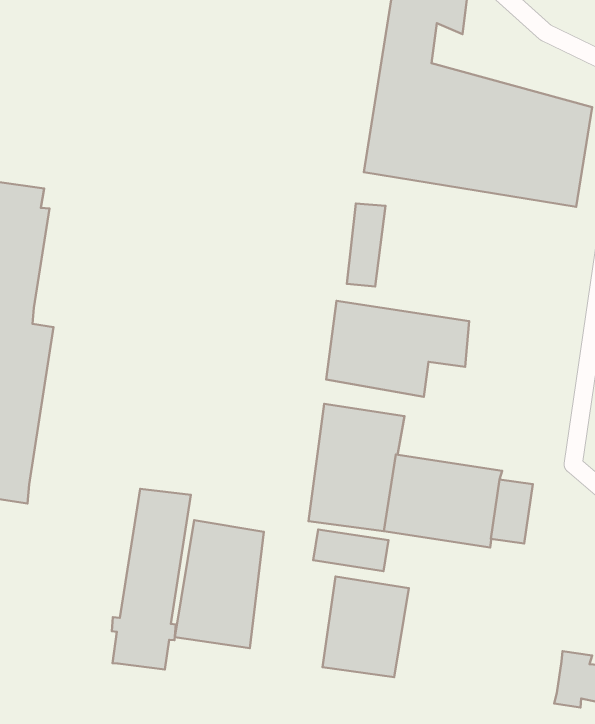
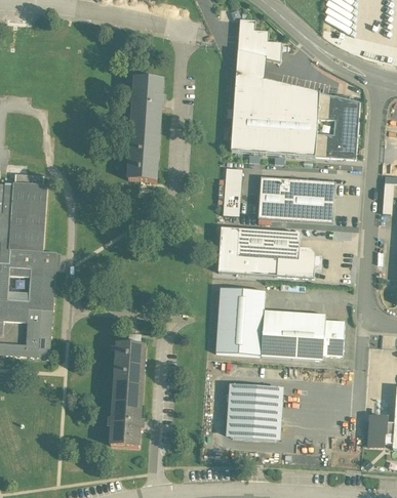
building: none -> [127,77,164,180]
building: none -> [257,178,334,222]
building: none -> [276,245,314,278]
building: [175,520,264,648] -> none
building: [313,529,388,571] -> none

